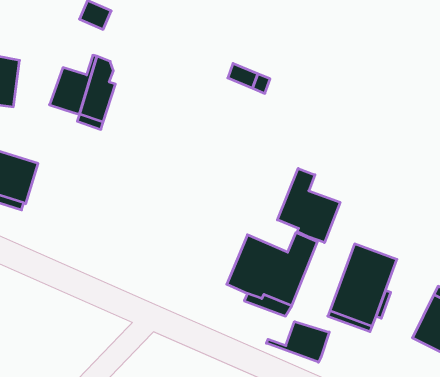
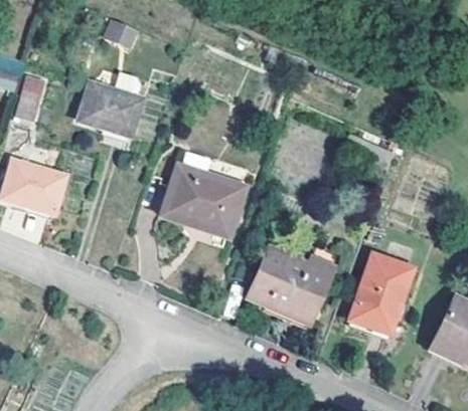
building: none -> [161,163,246,230]
building: [277,168,340,243] -> none
building: [266,322,329,362] -> none

